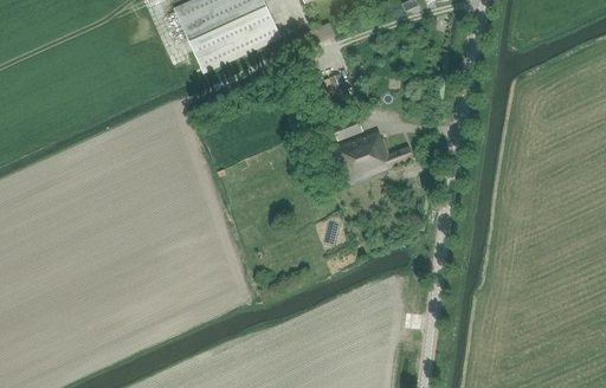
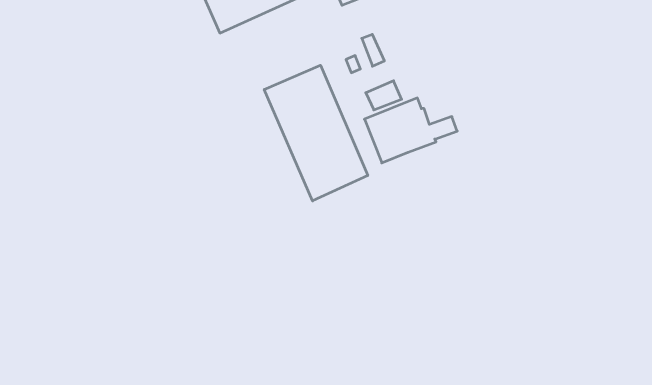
building: none -> [264,65,368,201]

